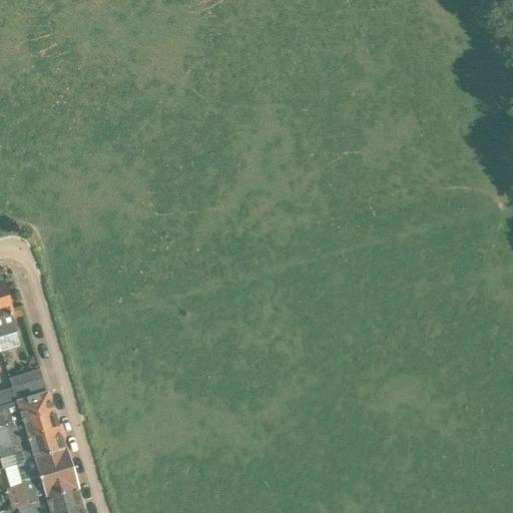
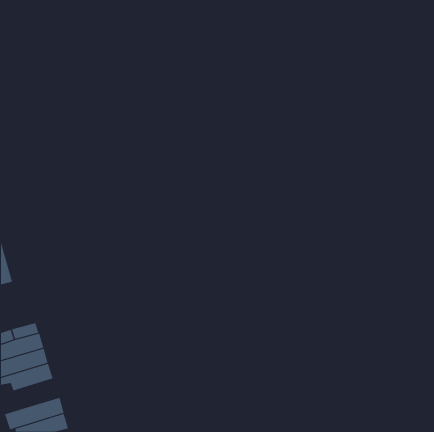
building: [15,447,71,484] -> none

